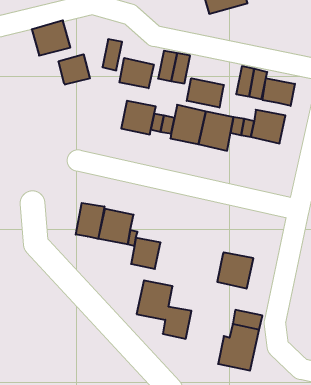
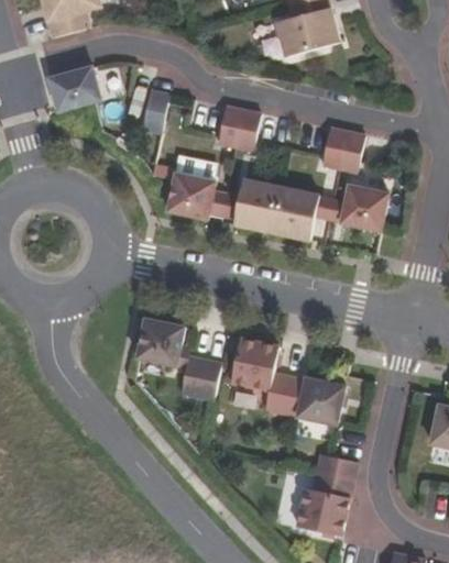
building: [59,54,90,85] -> none
building: [119,58,154,88] -> none
building: [263,78,295,106] -> none
building: [187,78,224,108] -> none
building: [76,203,104,239] -> none
building: [137,280,191,339] -> [230,338,304,416]

